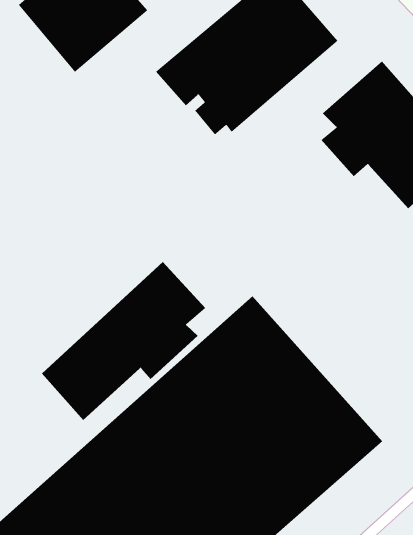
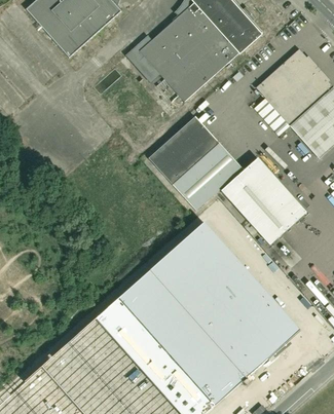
building: none -> [148,114,306,243]
building: [41,261,206,421] -> none

